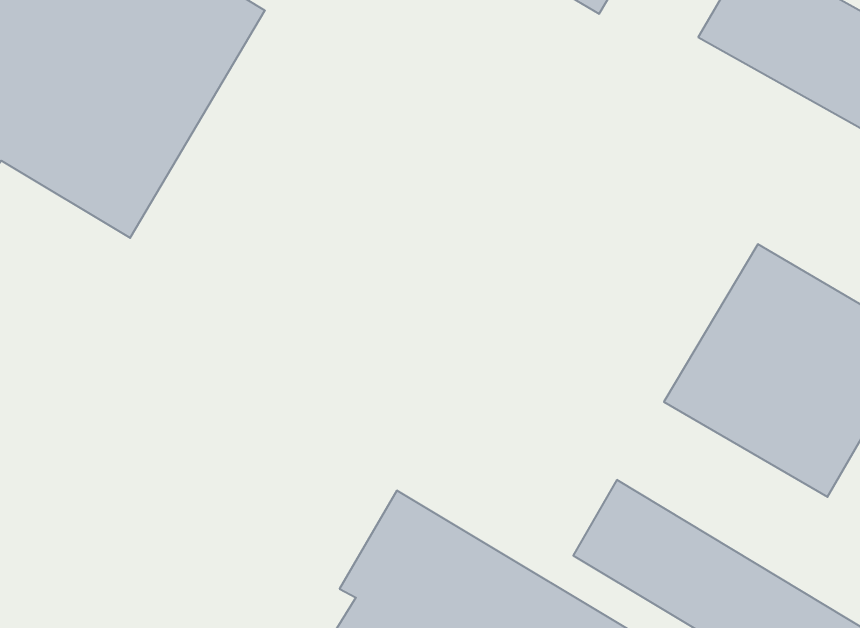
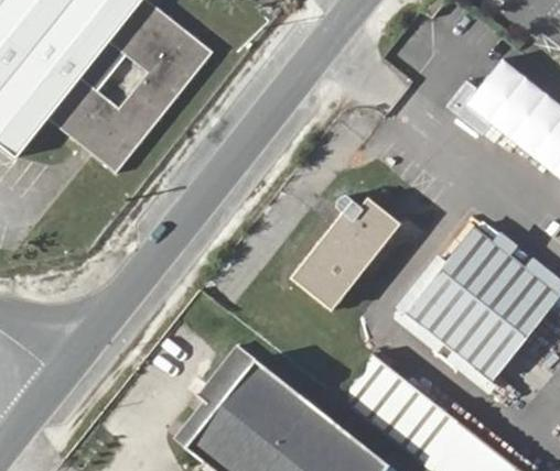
building: none -> [294,201,402,310]

